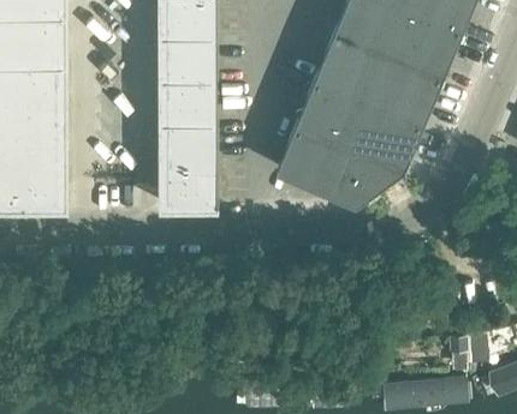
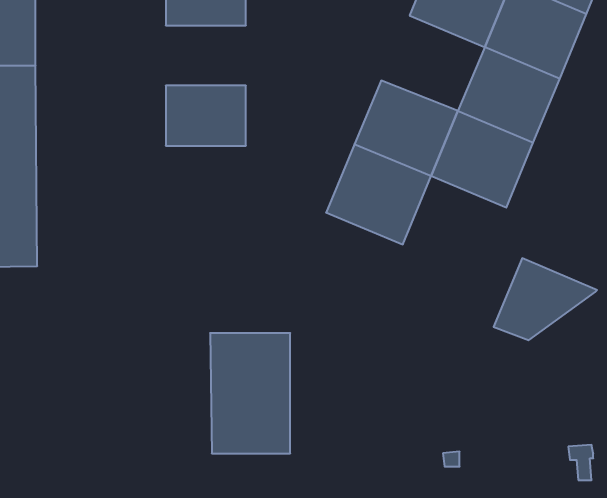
building: [315,26,390,95] -> none
building: [160,34,218,77] -> none
building: [160,120,218,206] -> [210,333,290,453]
building: [331,142,405,200] -> [494,258,597,340]

